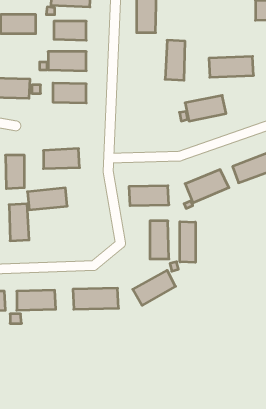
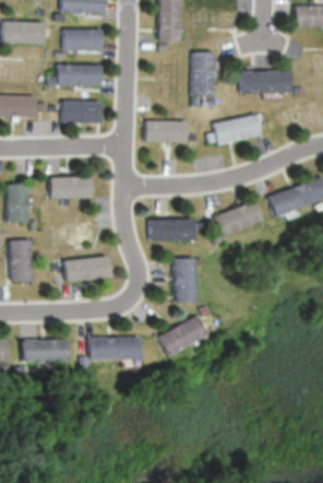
building: none -> [145,120,187,143]
building: [27,188,67,210] -> [64,257,110,282]
building: [180,222,195,262] -> none

